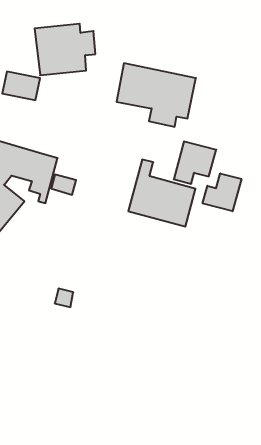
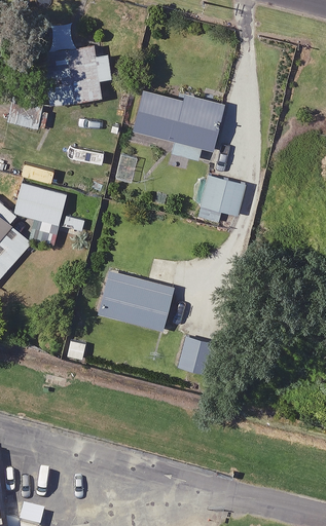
building: [128,160,196,227] -> [98,257,173,332]
building: [203,173,241,211] -> none
building: none -> [177,336,217,375]

